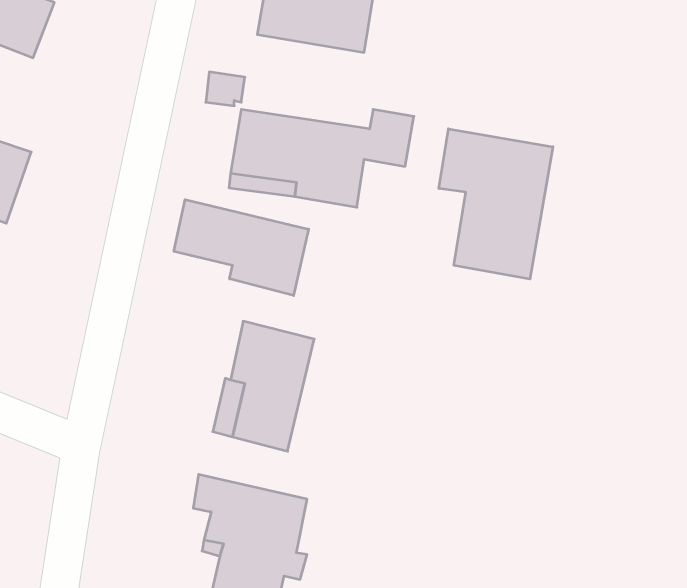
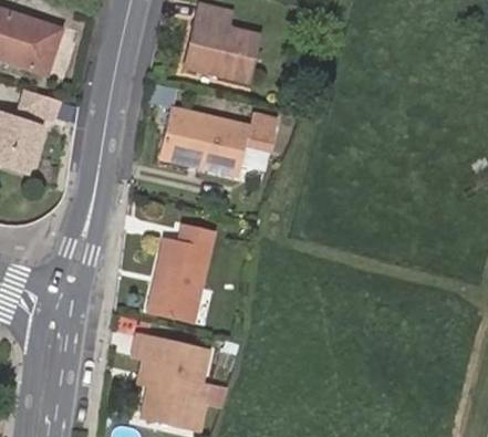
building: [439,129,553,279] -> none
building: [174,200,309,296] -> none

